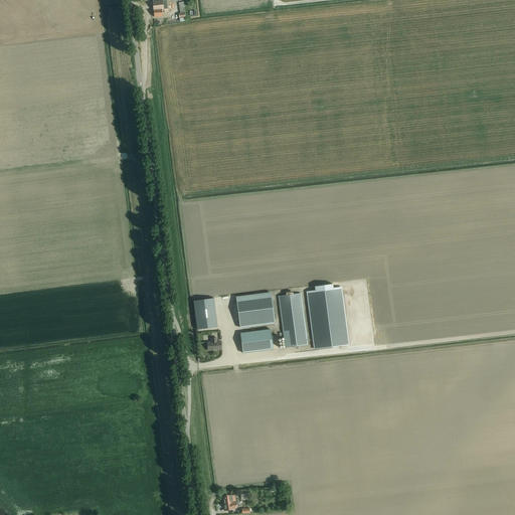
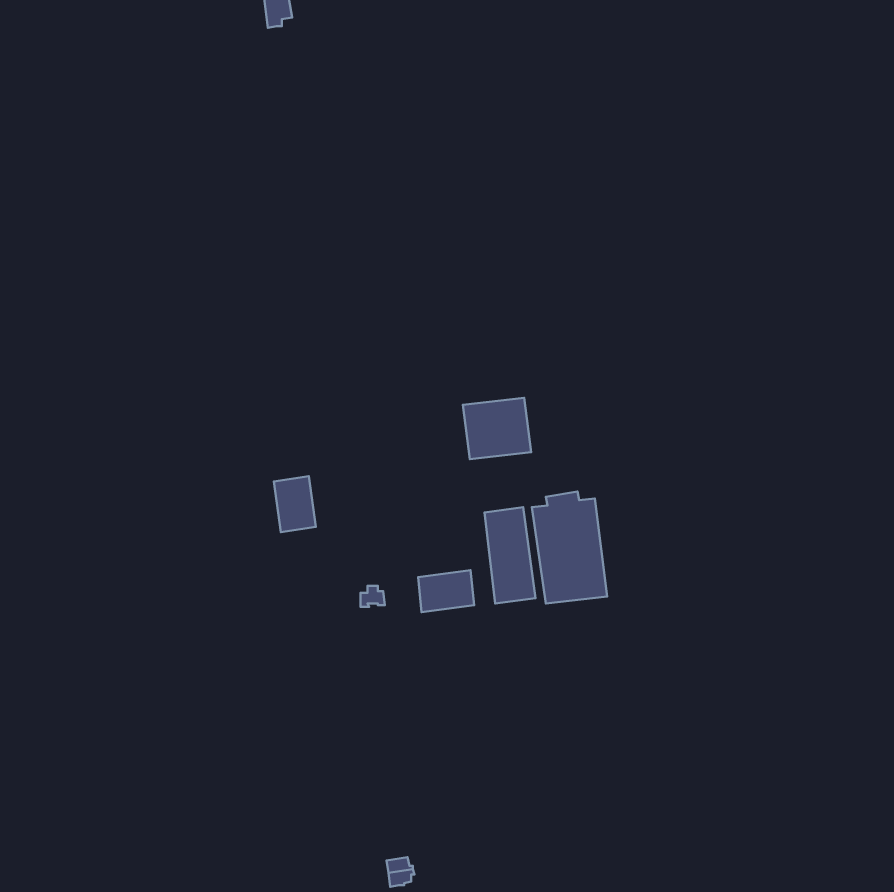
building: [235,292,275,327] -> [463,398,531,459]
building: [193,297,217,329] -> [274,476,316,532]

